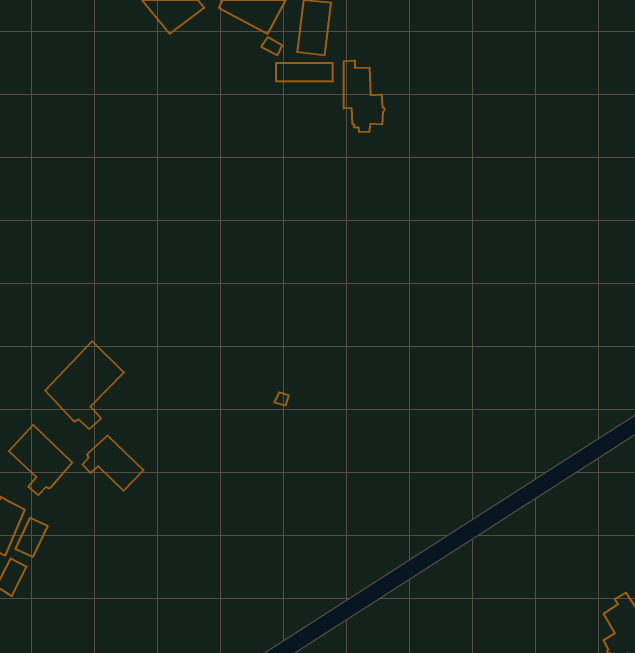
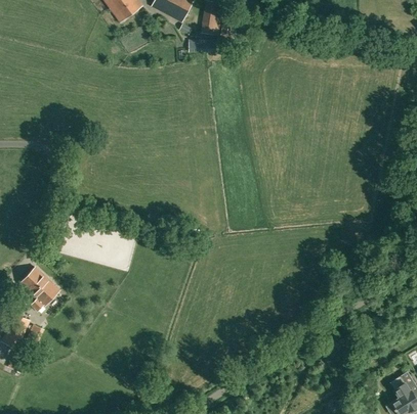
building: [344,60,385,132] -> none
building: [45,341,124,429] -> none
building: [82,435,144,491] -> none

